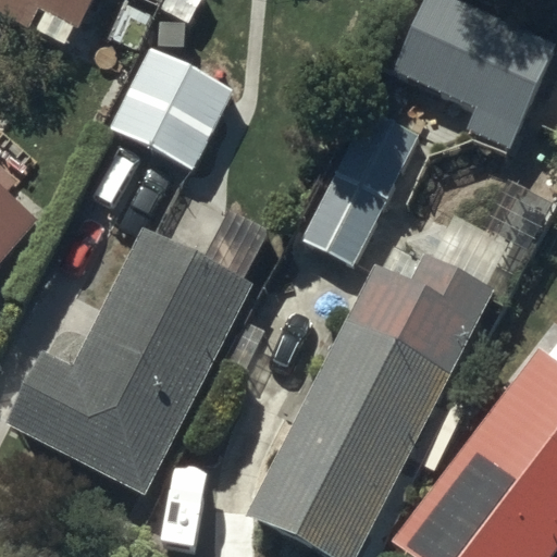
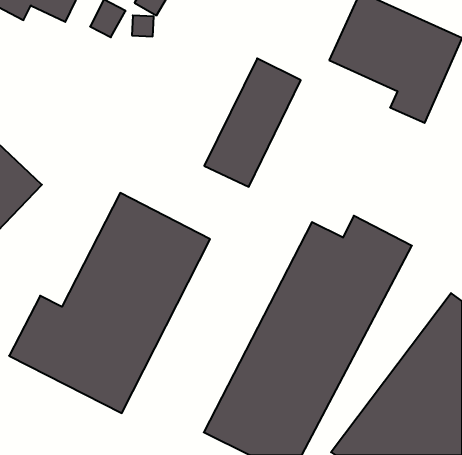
building: [111,48,233,166] -> none
building: [300,109,416,262] -> [204,58,301,187]

